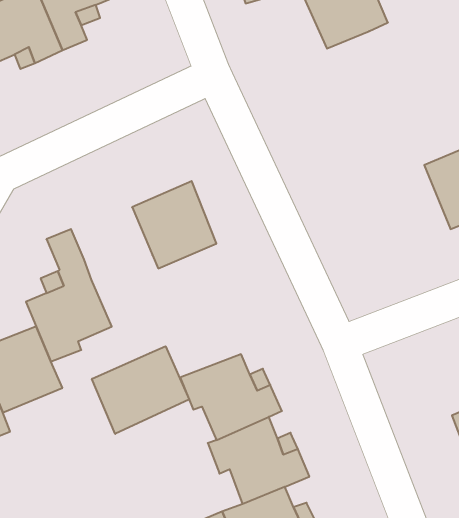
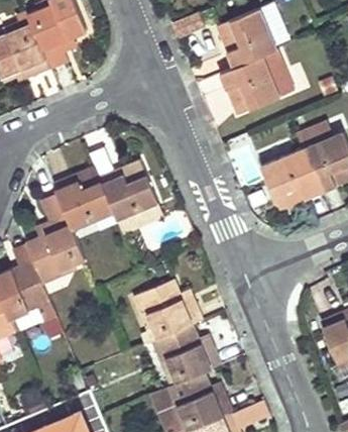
building: none -> [220,50,294,116]
building: none -> [260,149,320,211]
building: none -> [52,169,113,229]
building: [92,346,189,434] -> none

